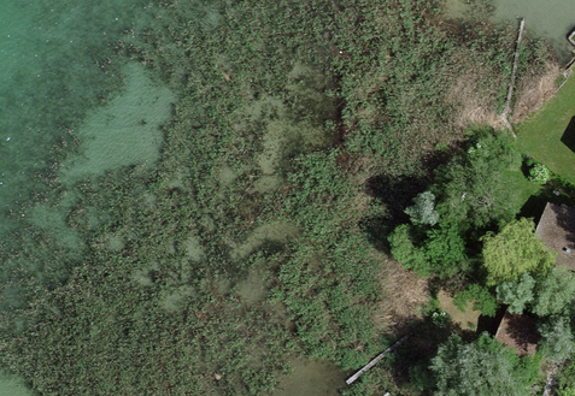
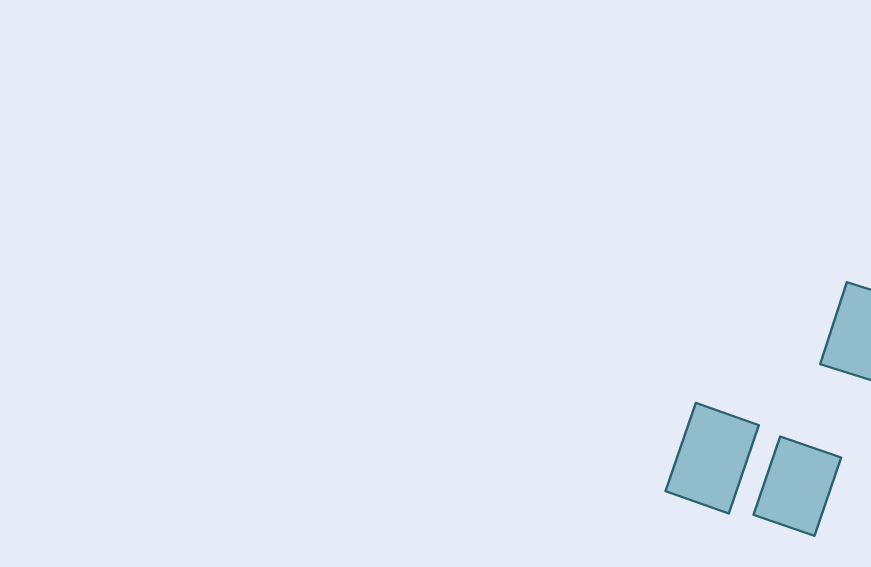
building: none -> [666,403,759,514]

